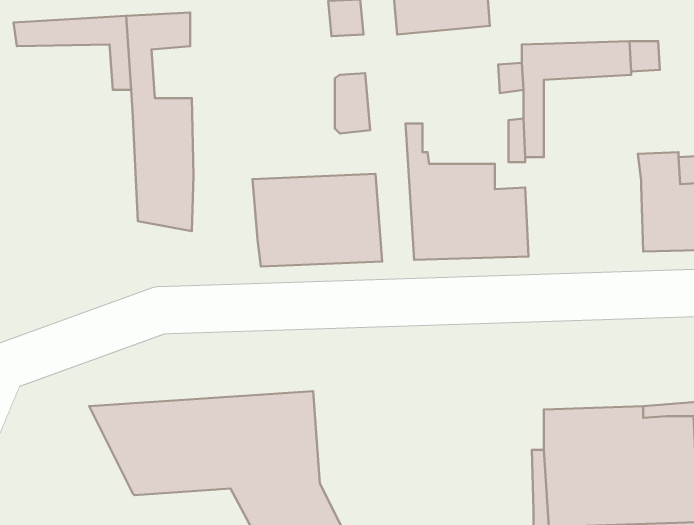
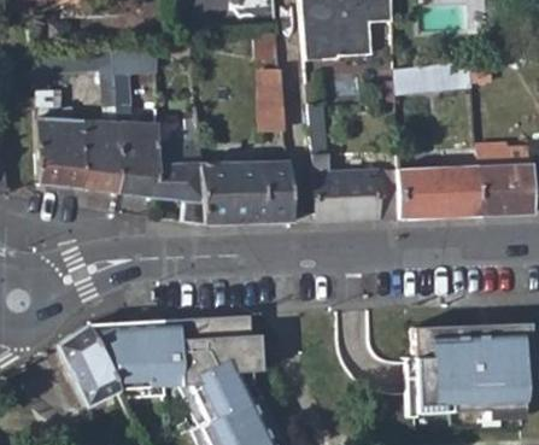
building: none -> [33,90,119,193]
building: none -> [158,127,205,206]
building: none -> [397,164,481,218]
building: none -> [54,326,116,403]

